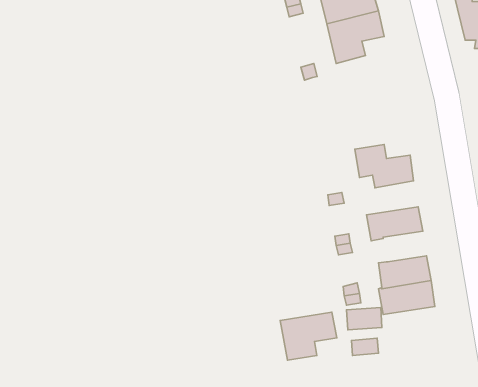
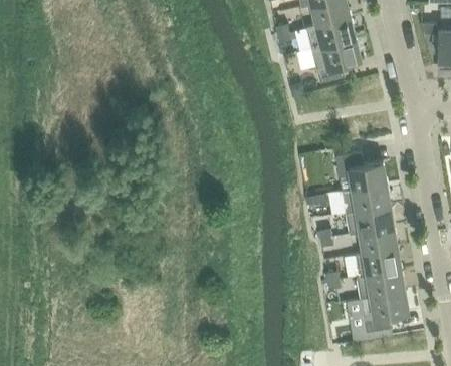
building: none -> [342,184,390,213]
building: none -> [360,227,397,253]
building: [280,312,337,360] -> [360,291,408,332]

